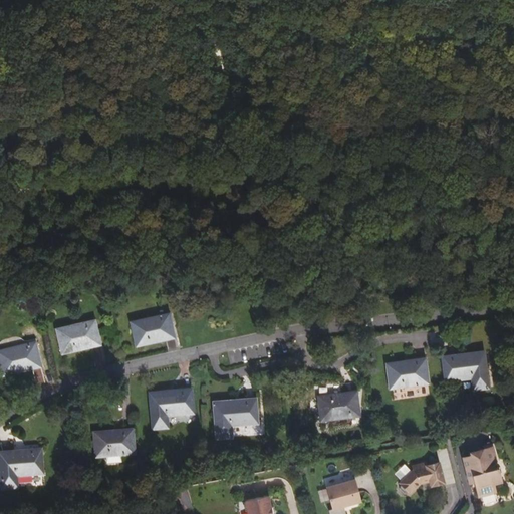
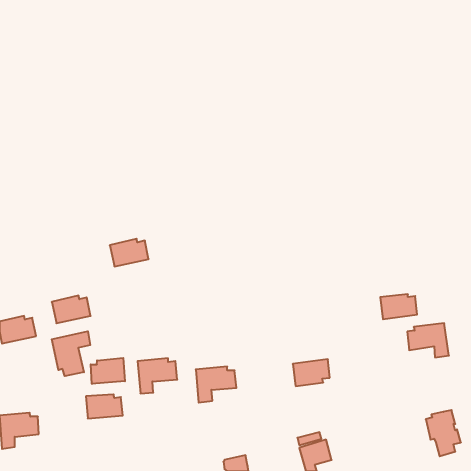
building: [131,314,173,344] -> [110,239,149,266]
building: [387,359,427,387] -> [380,294,417,319]
building: none -> [52,331,90,376]
building: none -> [91,358,125,384]
building: [399,461,444,492] -> none

